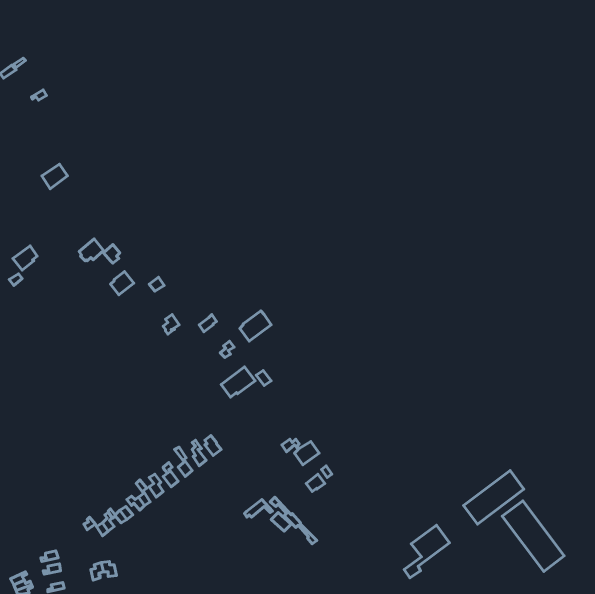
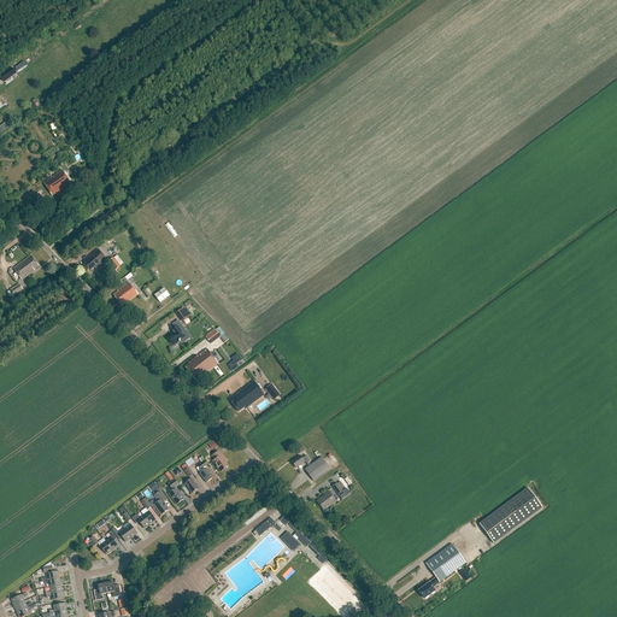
building: [240,311,271,341] -> [186,348,218,380]
building: [502,501,564,571] -> none

